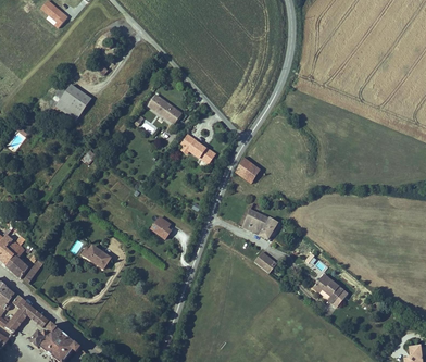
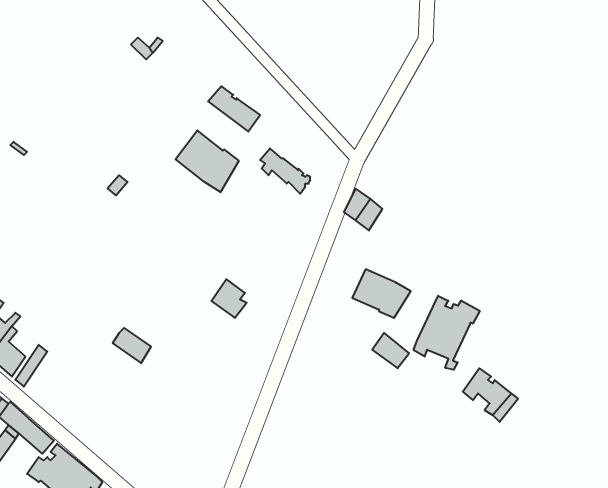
building: [58,82,95,118] -> none
building: none -> [176,130,239,192]
building: none -> [414,296,480,370]

